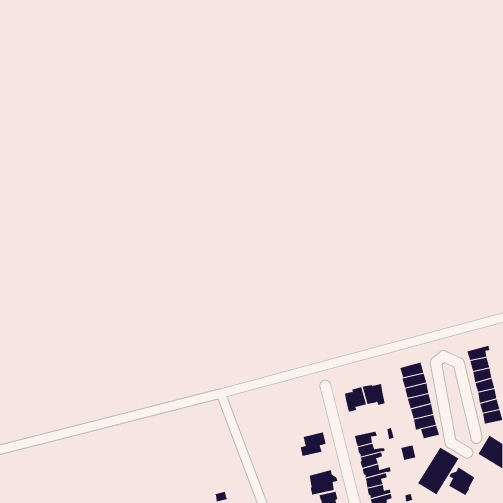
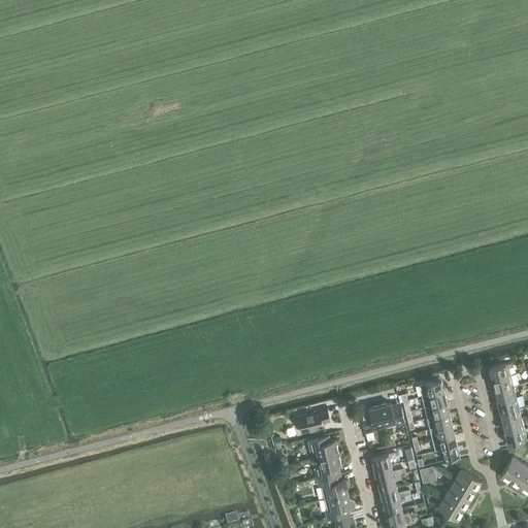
building: none -> [297,406,329,432]
building: none -> [306,435,338,458]
building: none -> [316,473,349,498]
building: [448,466,475,496] -> none

